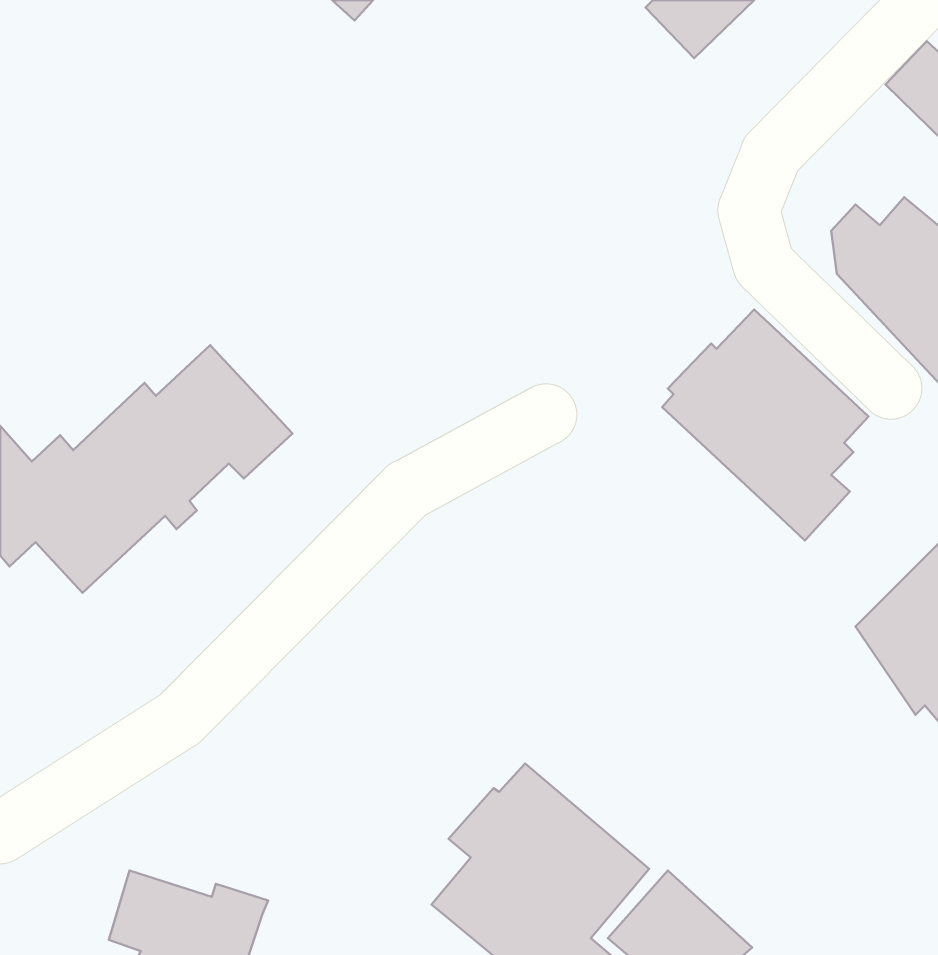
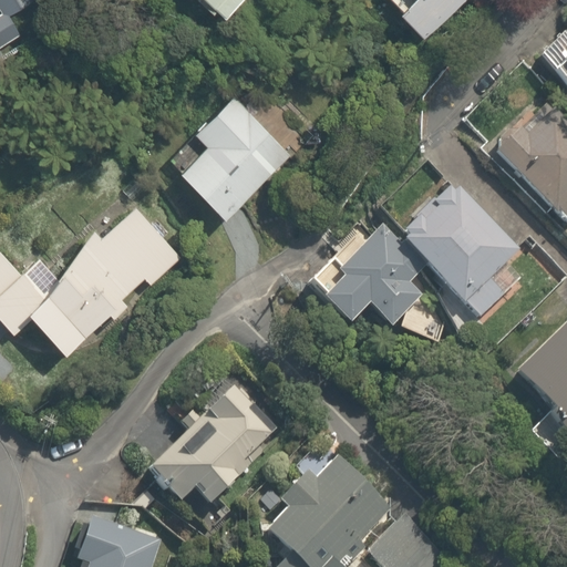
building: none -> [178,104,286,220]
building: none -> [313,227,424,330]
building: none -> [140,377,277,509]

